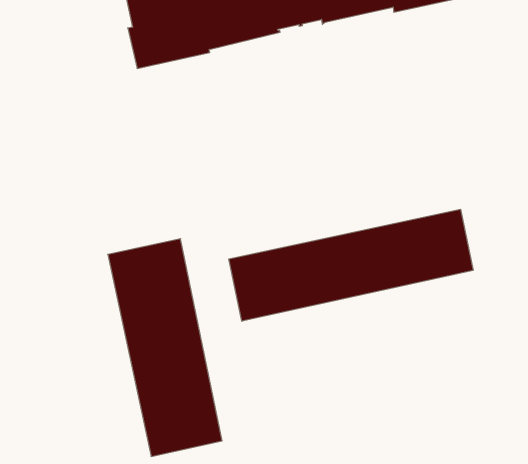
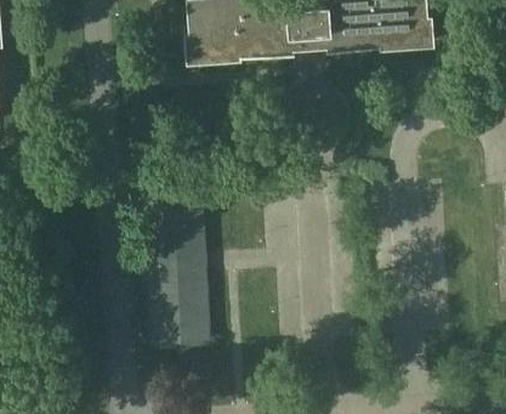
building: [229,209,473,321] -> none

